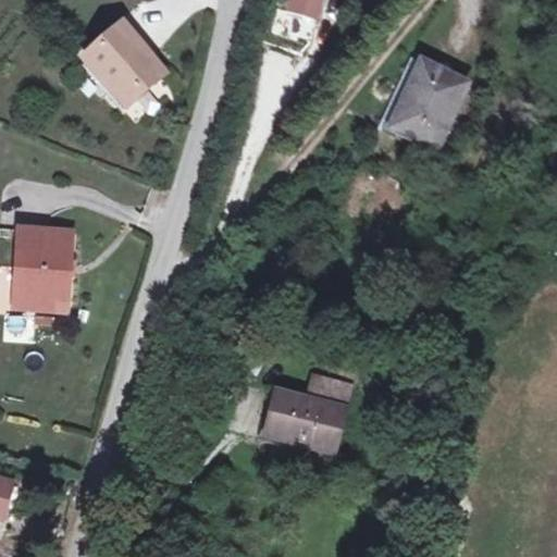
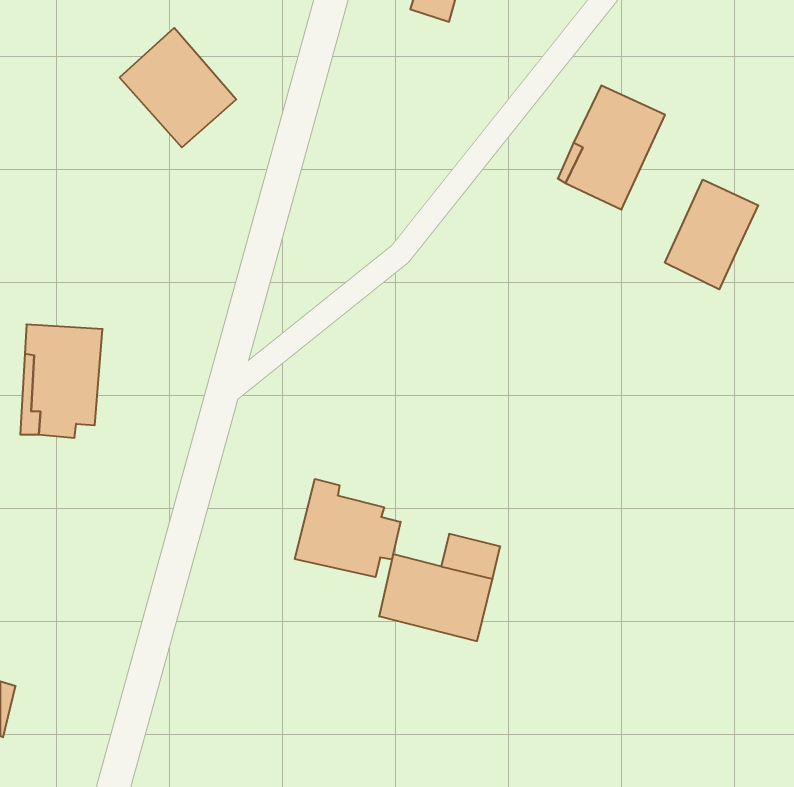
building: none -> [665,180,758,289]
building: none -> [295,479,401,577]

